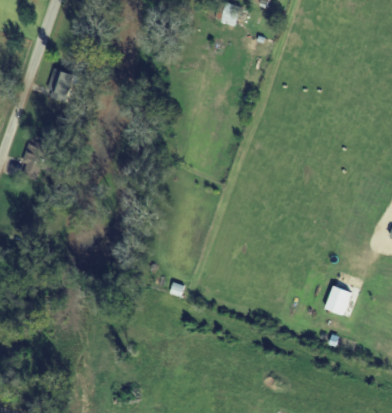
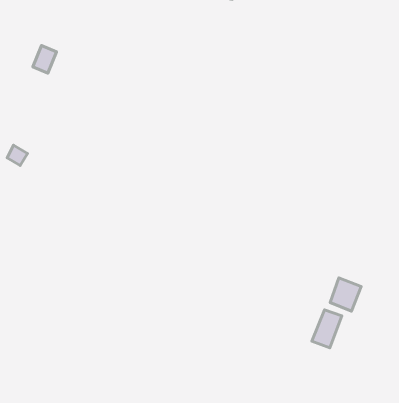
building: none -> [312,310,342,348]

